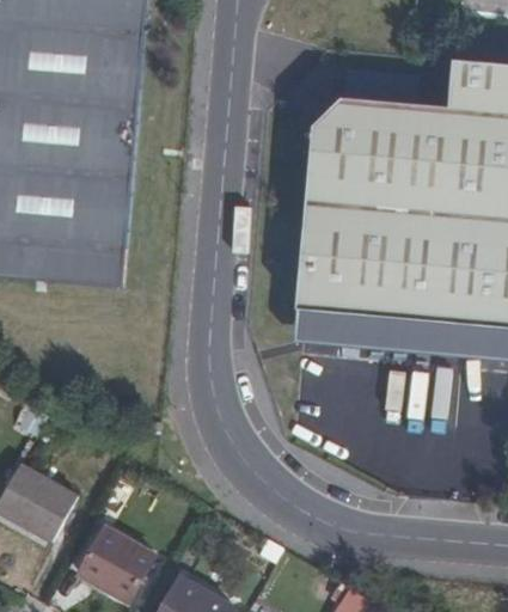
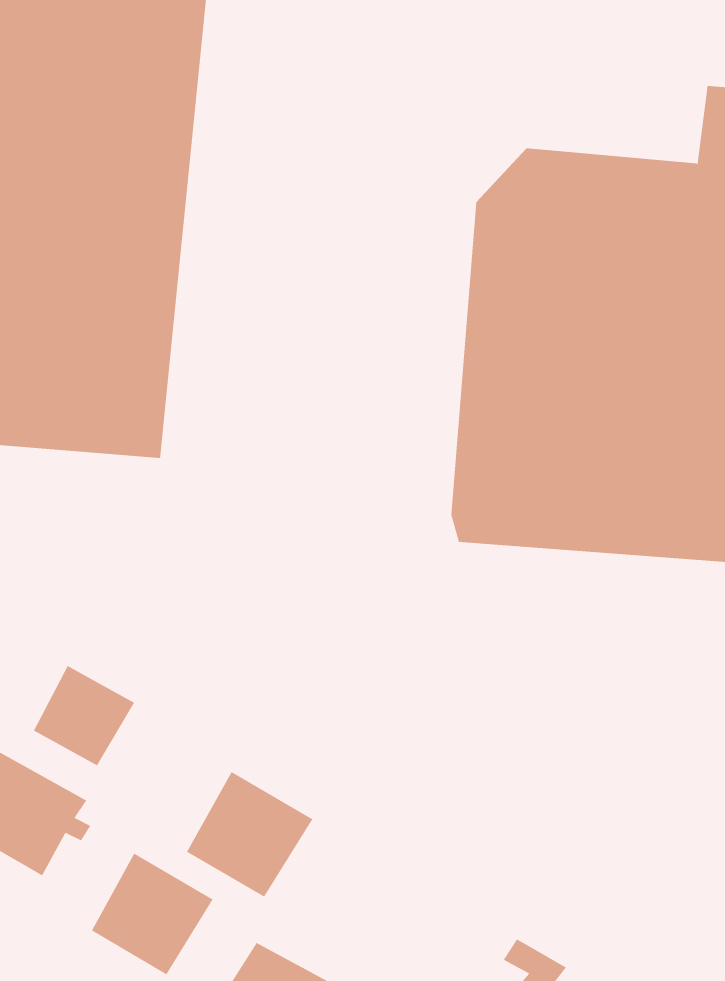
building: none -> [33,665,135,766]
building: none -> [186,771,313,898]

